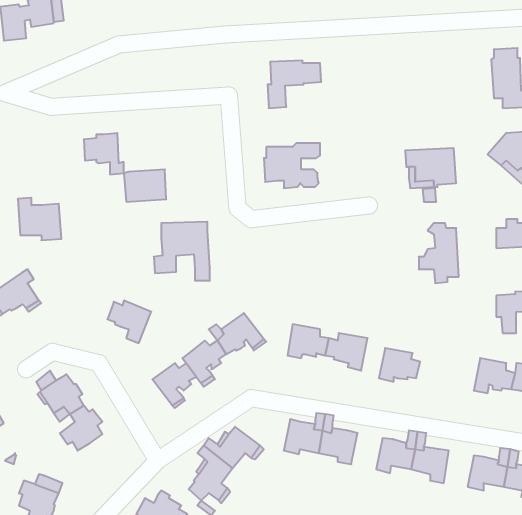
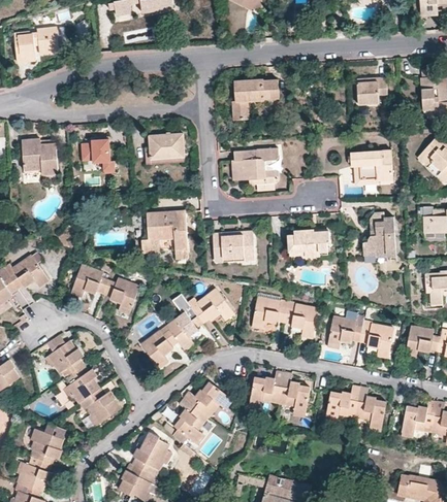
building: none -> [357,79,387,106]
building: [124,169,166,202] -> [150,133,185,160]
building: [18,198,61,240] -> [22,139,58,174]
building: none -> [288,231,328,258]
building: none -> [213,232,254,258]
building: none -> [70,264,108,294]
building: none -> [358,324,393,354]
building: none -> [87,388,119,424]

